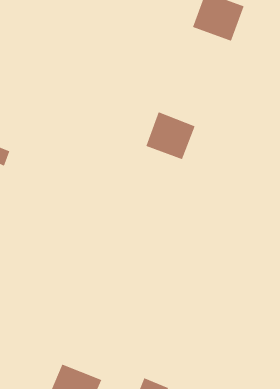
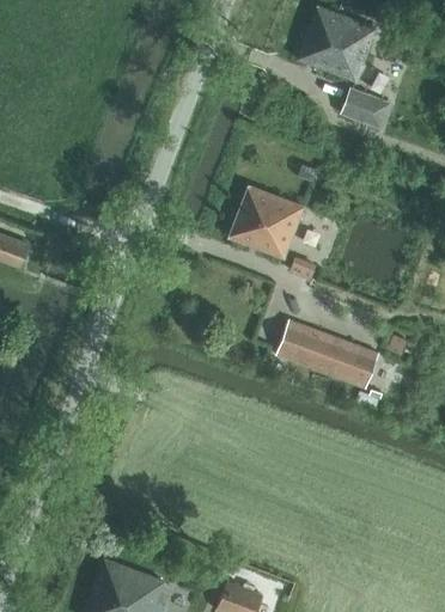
building: none -> [341,91,390,128]
building: none -> [276,319,379,387]

